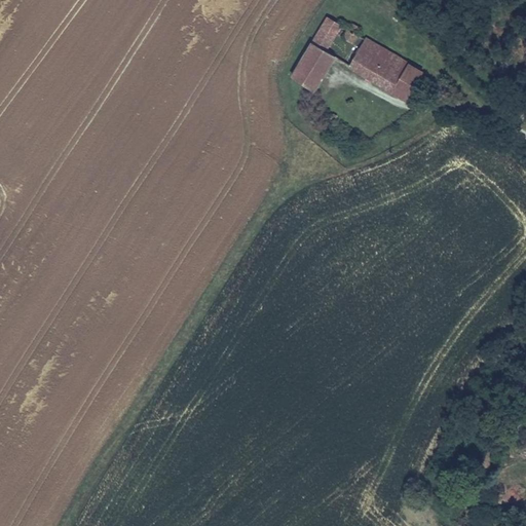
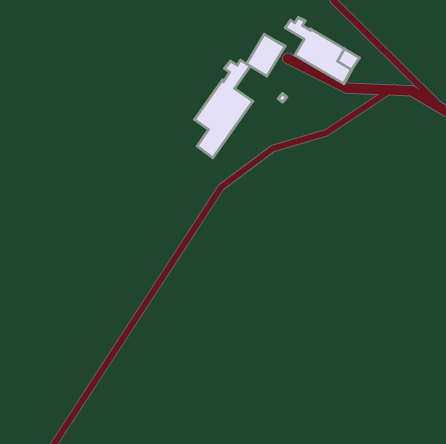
building: [310,17,341,52] -> none
building: none -> [195,60,253,158]

